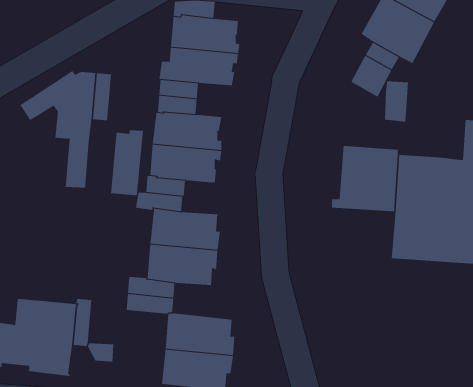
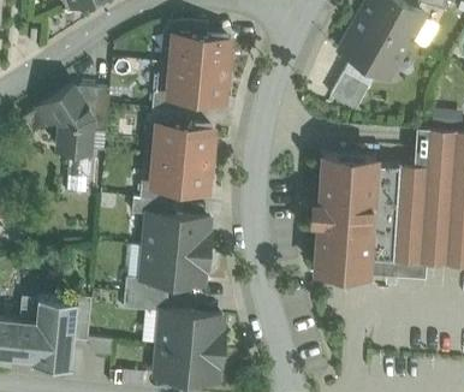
building: [384,81,409,122] -> [414,130,436,168]
building: [110,130,143,196] -> none
building: none -> [313,213,371,274]

